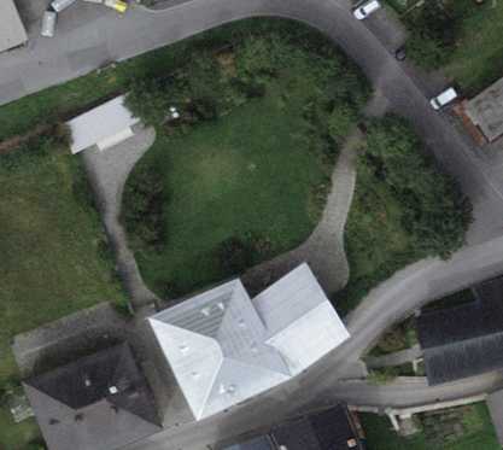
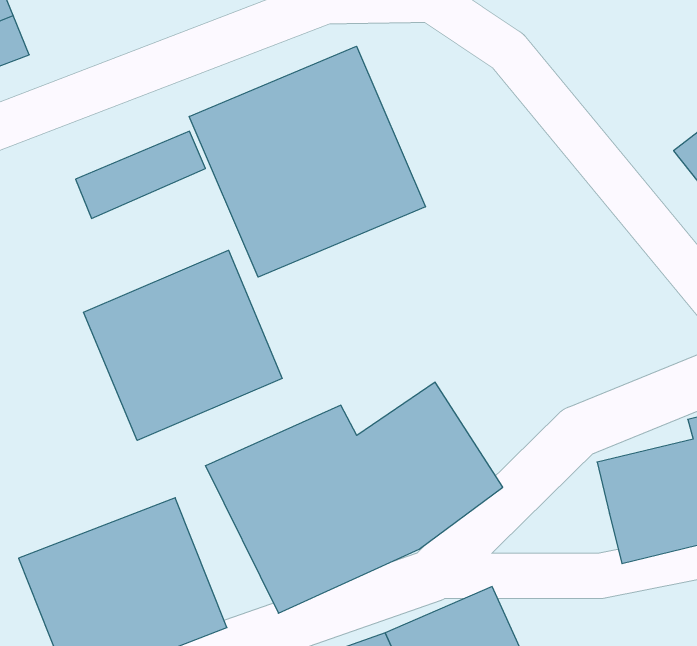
building: none -> [189,46,425,277]
building: none -> [84,250,282,440]

